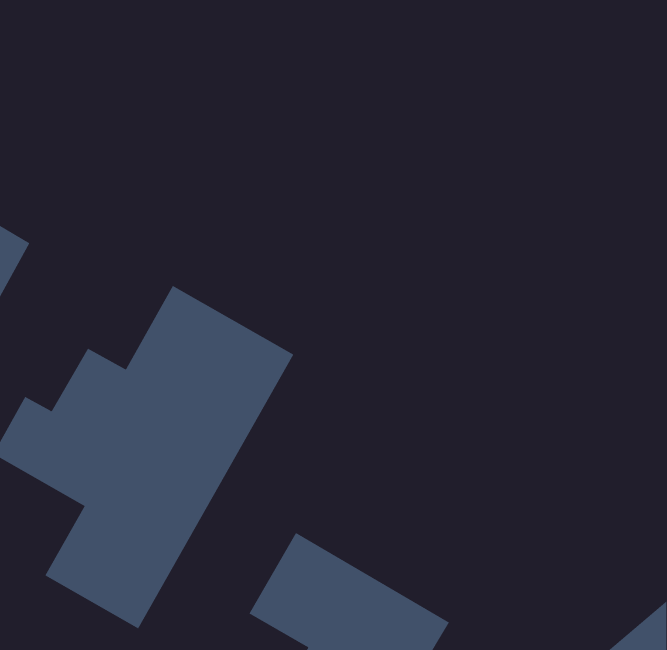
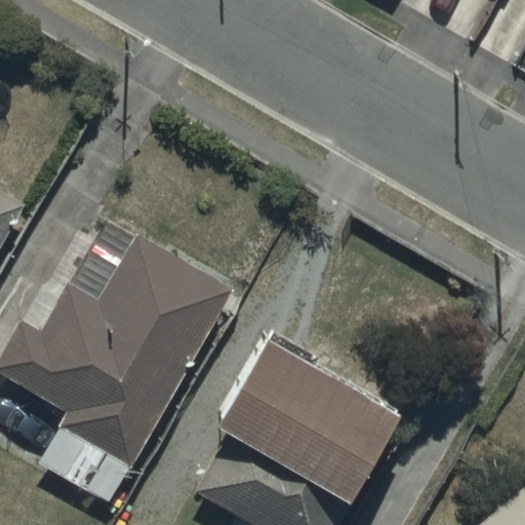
building: none -> [218,328,397,487]

